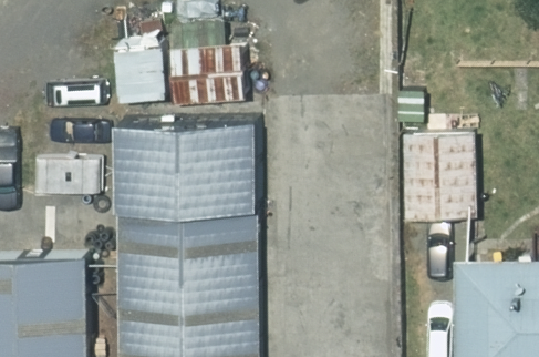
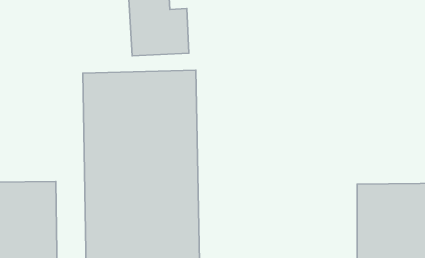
building: [404,134,495,221] -> none

